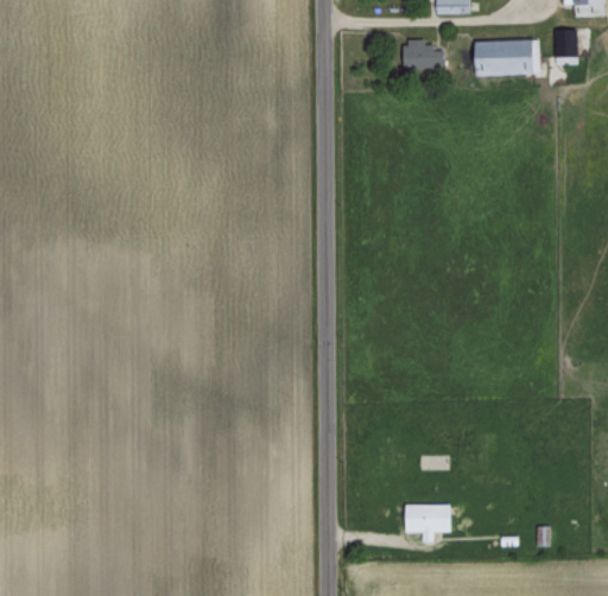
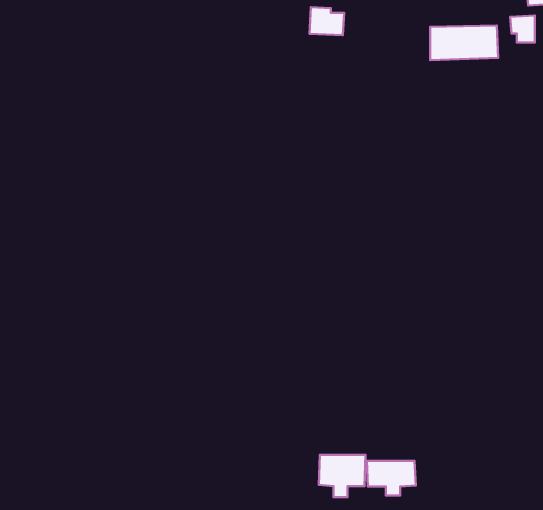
building: [403,39,439,69] -> [310,7,344,35]
building: none -> [319,455,365,497]

